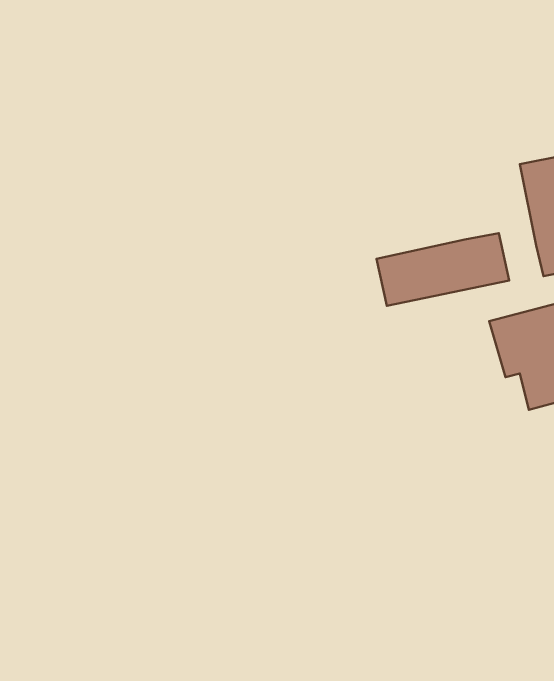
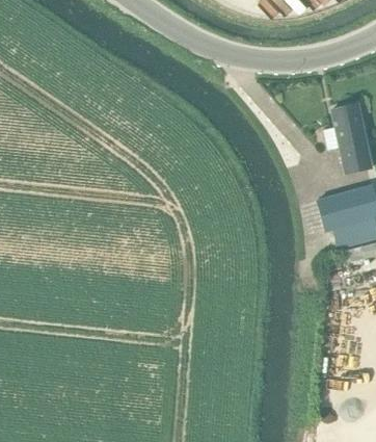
building: [376,233,509,306] -> none

